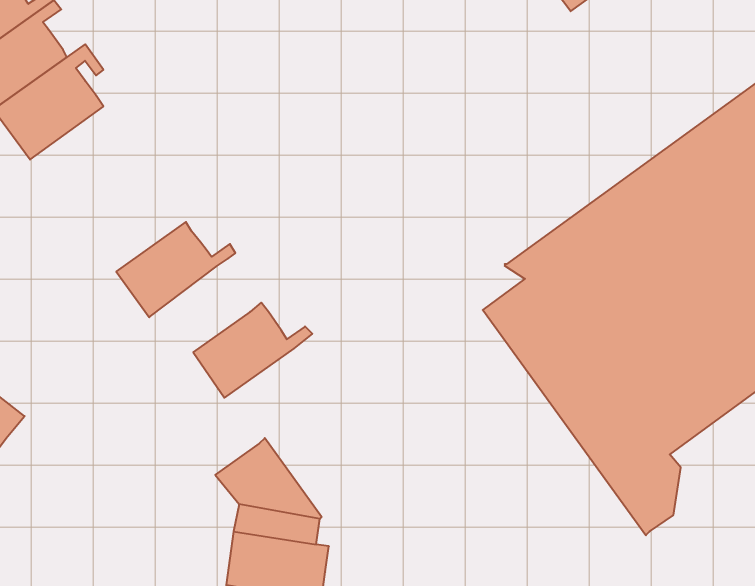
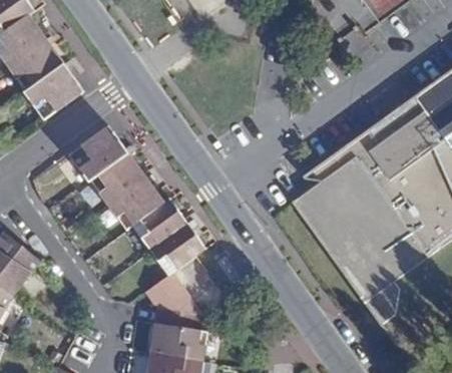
building: none -> [68,126,138,182]
building: none -> [108,170,163,230]
building: none -> [149,215,205,275]

